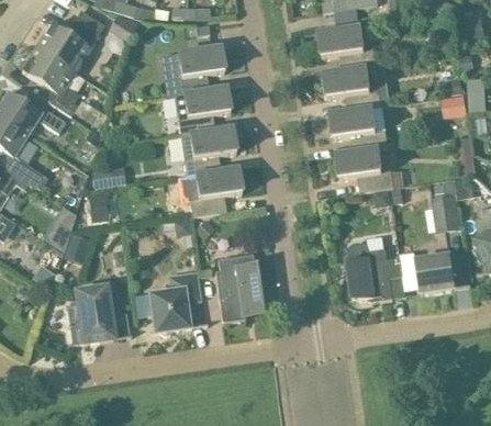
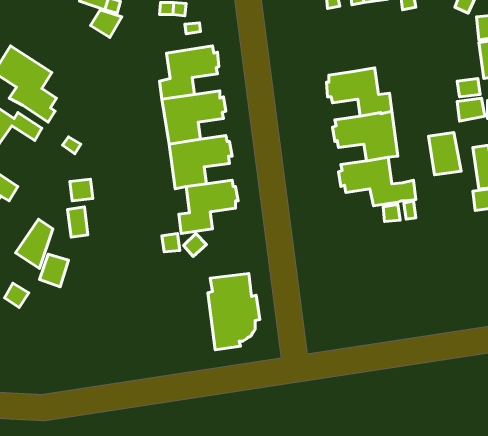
building: [36,8,103,69] -> none
building: [316,25,377,68] -> none
building: [432,190,461,228] -> [428,133,461,175]
building: [347,242,403,298] -> none
building: [416,251,456,292] -> none
building: [148,270,199,333] -> none
building: [65,287,123,344] -> none

